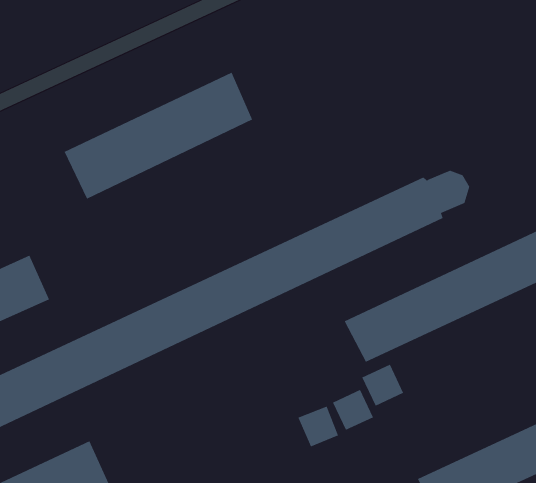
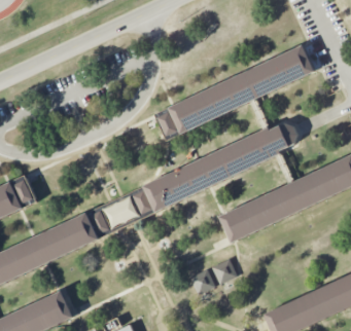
building: none -> [154,45,314,141]
building: [64,72,253,200] -> none
building: [362,364,404,407] -> none

